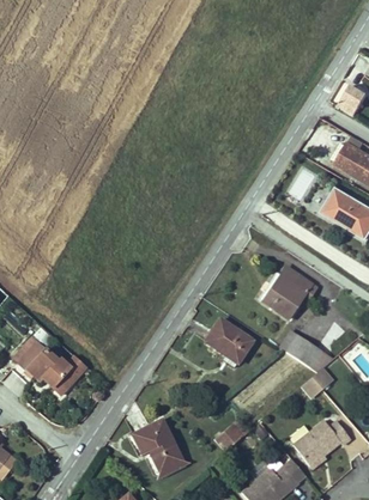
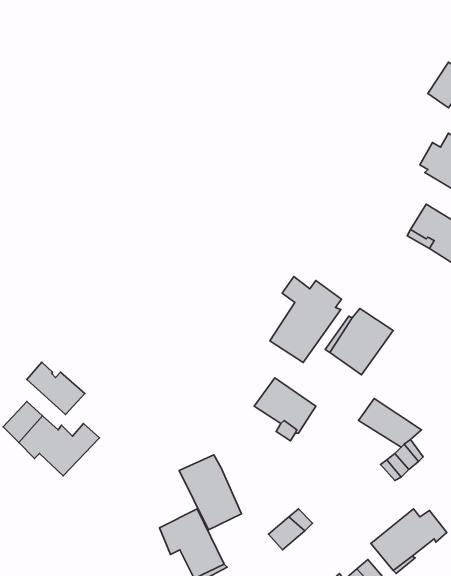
building: none -> [270,277,341,363]
building: none -> [27,362,85,415]
building: none -> [179,455,242,530]

